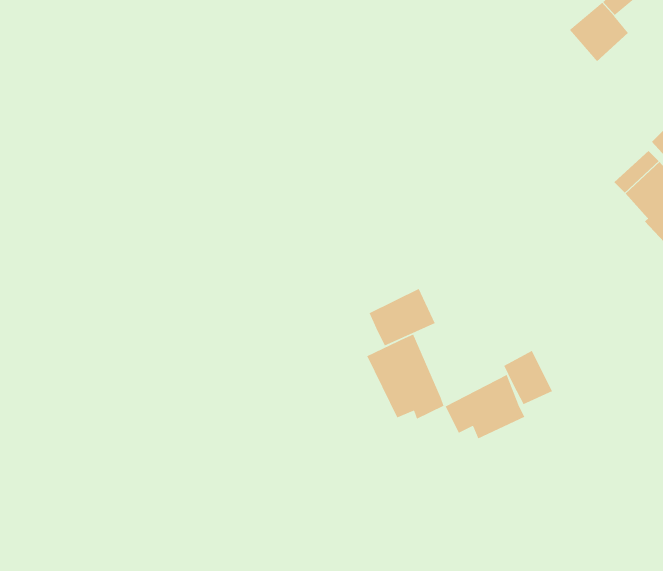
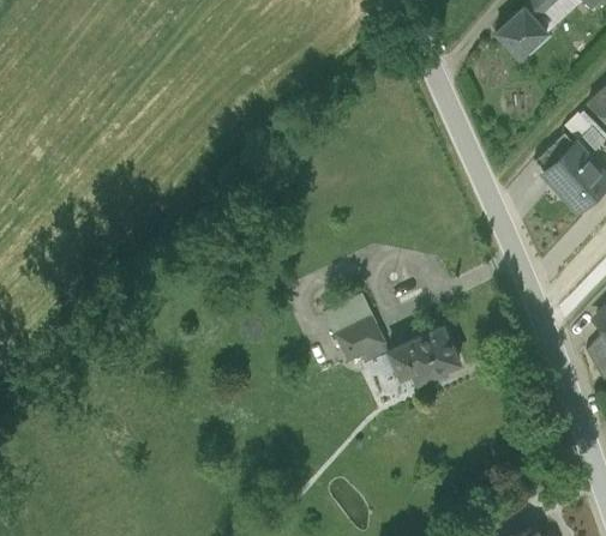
building: [369,288,436,346] -> none
building: [503,350,553,405] -> none

